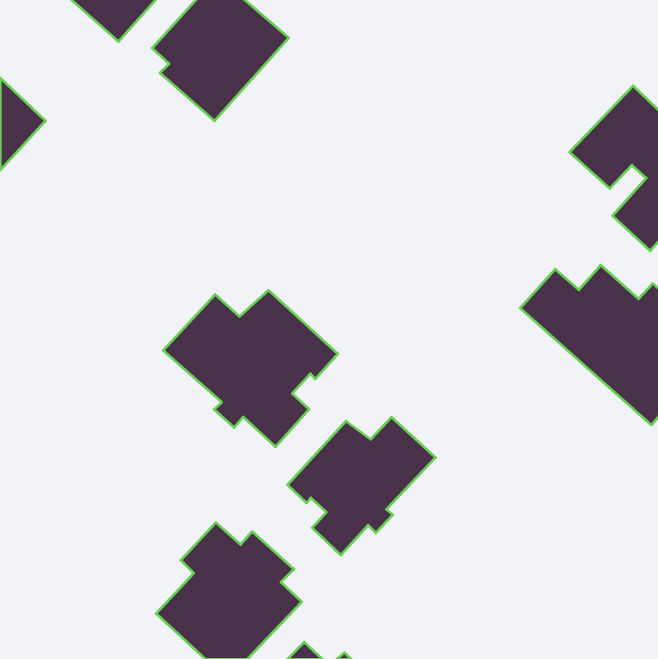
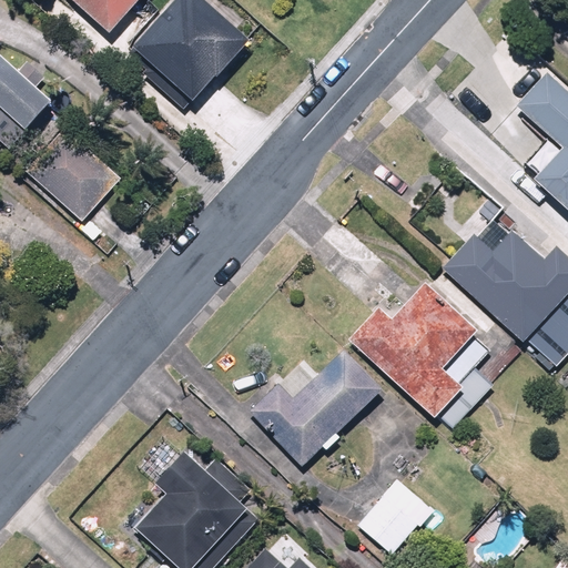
building: none -> [23,123,123,222]
building: [163,290,338,447] -> none
building: none -> [347,285,497,428]
building: none -> [356,480,434,555]

